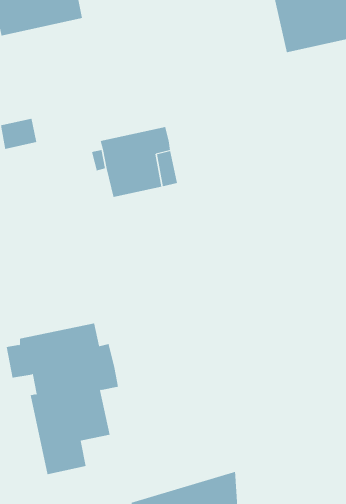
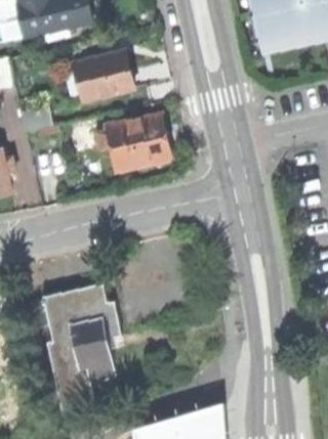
building: none -> [75,51,133,98]

